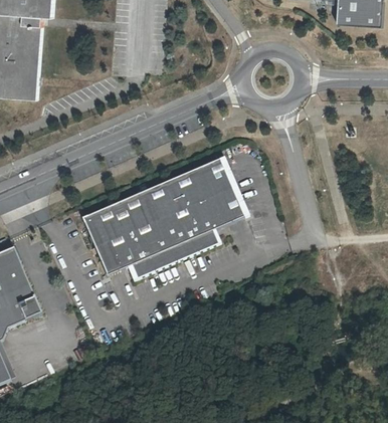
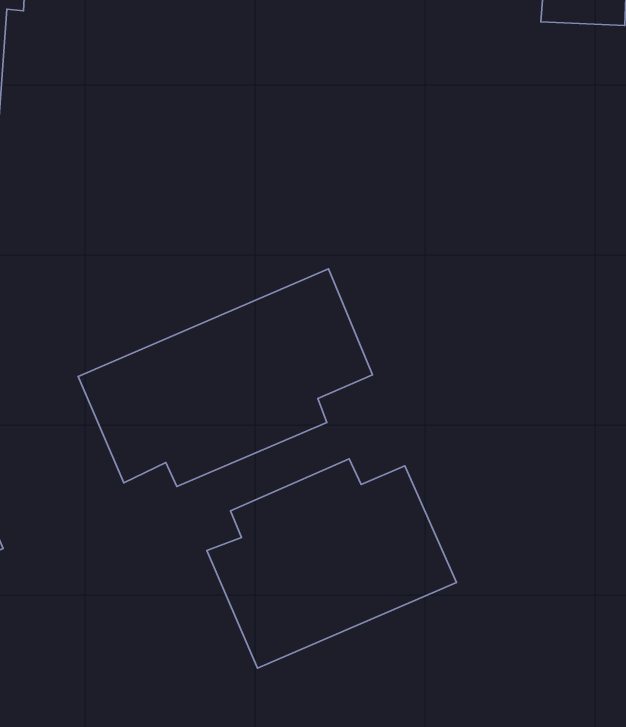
building: none -> [207,459,457,668]

